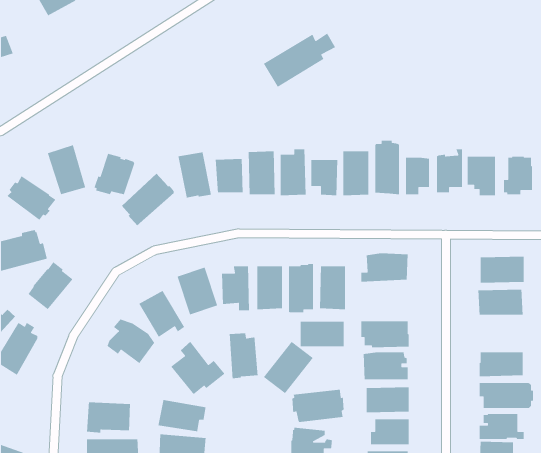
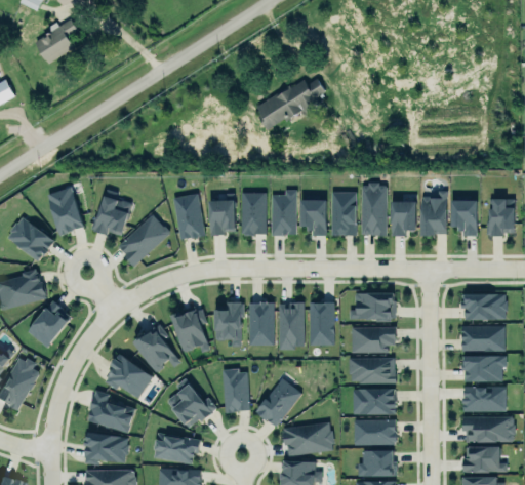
building: none -> [462,355,507,381]
building: [300,321,345,347] -> [351,328,394,354]
building: none -> [87,390,132,433]

